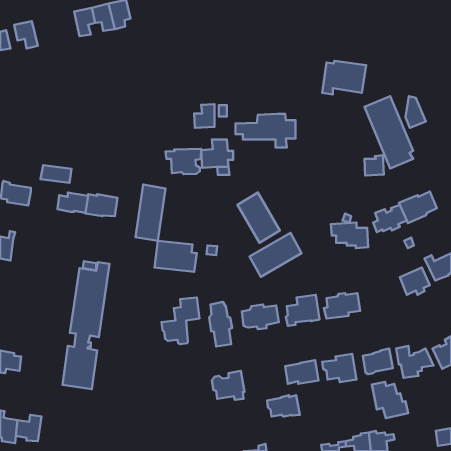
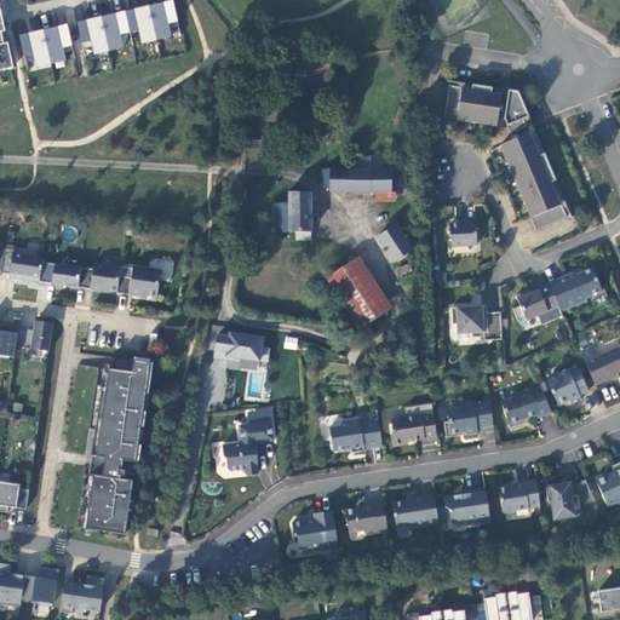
building: none -> [78,16,109,53]
building: none -> [44,23,74,63]
building: [405,96,426,128] -> [504,91,532,134]
building: [194,104,215,128] -> none
building: [166,149,201,174] -> none
building: [364,155,384,176] -> [453,218,480,246]
building: none -> [378,226,412,264]
building: [41,165,71,183] -> [39,263,81,287]
building: [136,185,165,241] -> none
building: [250,233,302,277] -> none
building: none -> [16,321,53,351]
building: none -> [503,386,553,427]
building: [209,302,232,346] -> none
building: [372,382,408,418] -> none
building: [267,395,300,416] -> [341,503,386,532]
building: none -> [59,576,105,614]

